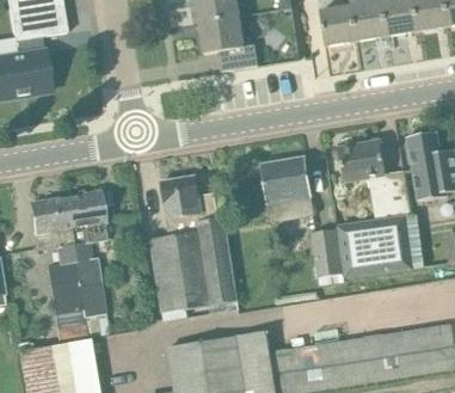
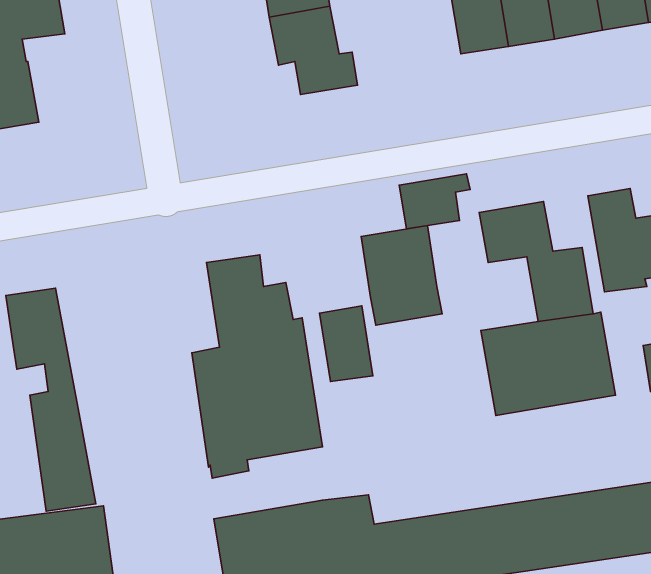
building: none -> [399,174,470,229]
building: [62,191,109,337] -> none
building: [309,228,344,277] -> [320,306,373,381]

